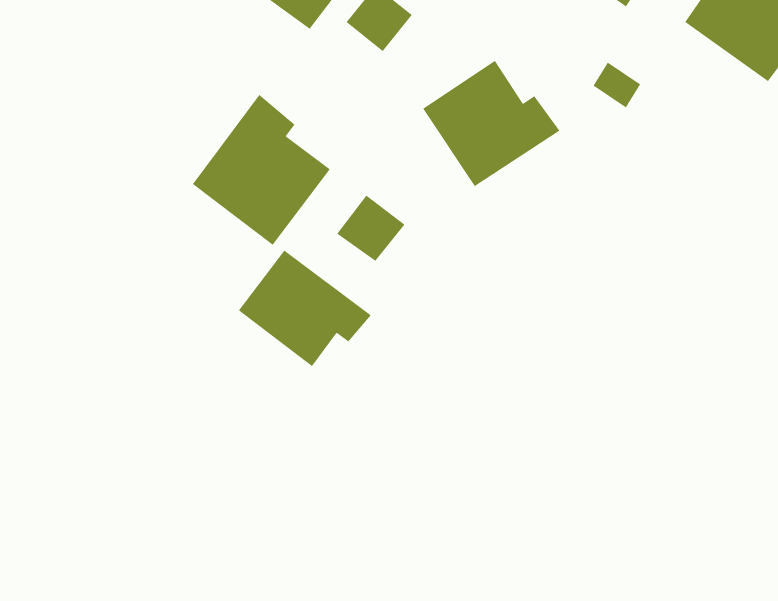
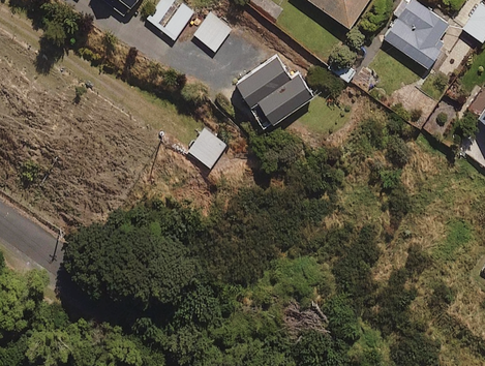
building: [192,94,331,246] -> none
building: [238,250,372,367] -> none

